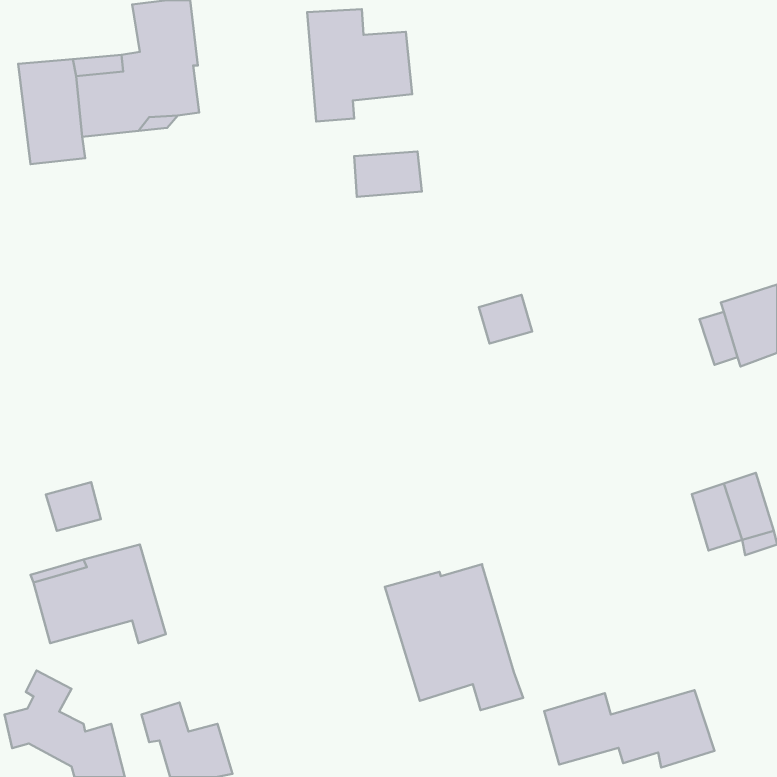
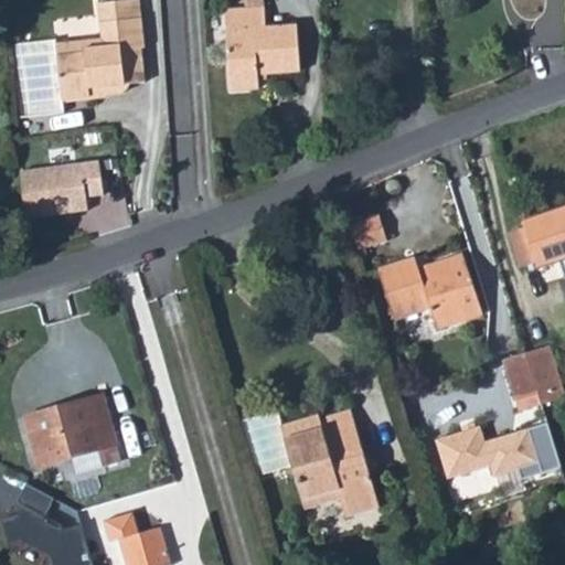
building: [354,151,422,197] -> none
building: none -> [19,161,100,217]
building: none -> [377,253,483,328]
building: [46,482,101,531] -> none
building: [544,690,714,768] -> [436,422,559,478]

